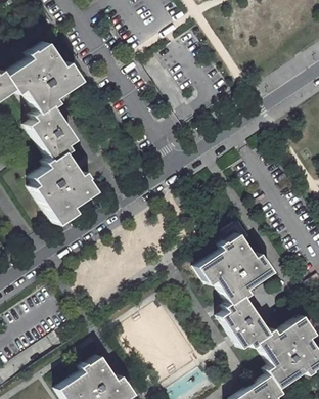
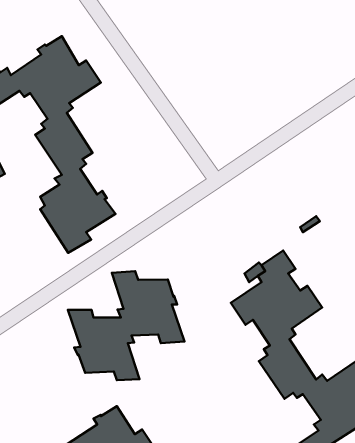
building: none -> [68,271,184,380]

